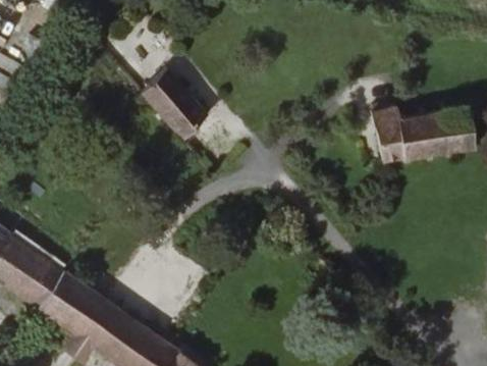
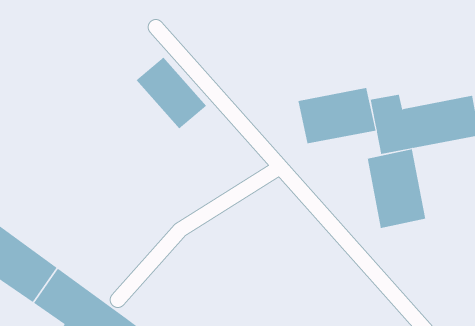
building: none -> [298,87,376,144]
building: none -> [367,148,426,229]

